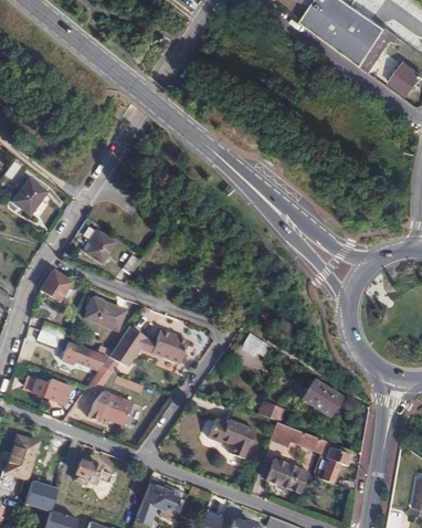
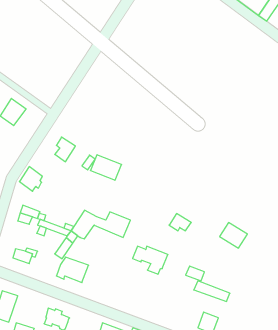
building: [82,296,124,330] -> [90,155,122,180]
building: [302,380,339,414] -> [220,223,247,248]
building: [208,420,255,457] -> [133,246,168,274]
building: [320,447,352,483] -> none

